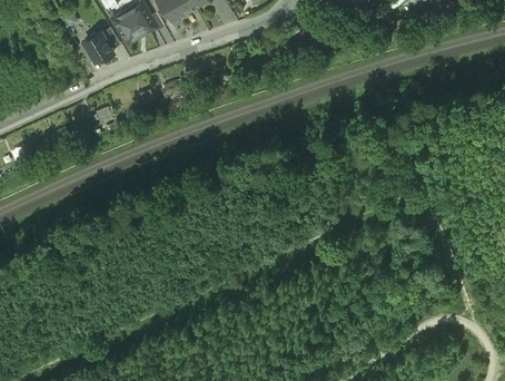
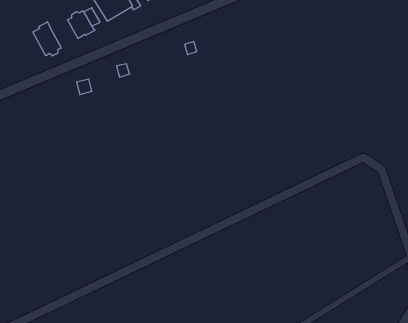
building: none -> [33,22,61,56]

